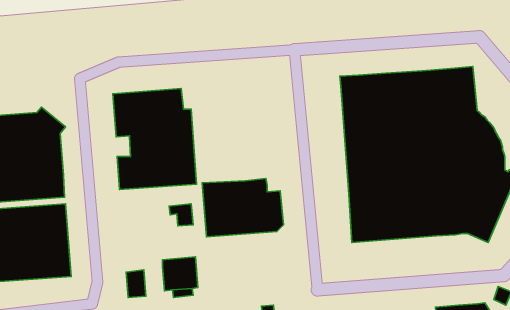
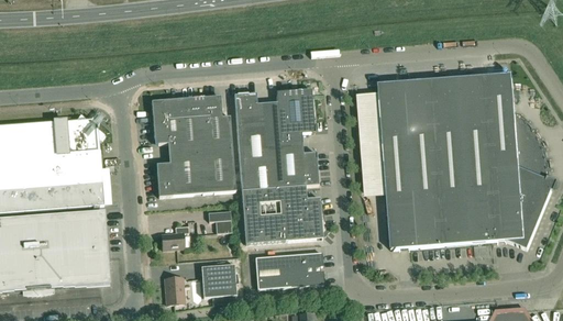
building: none -> [234,88,319,189]
building: none -> [358,92,387,197]
building: none -> [162,224,189,248]
building: none -> [255,252,324,288]

